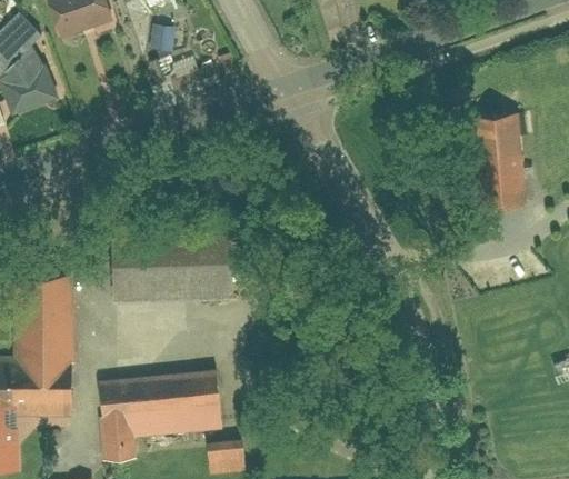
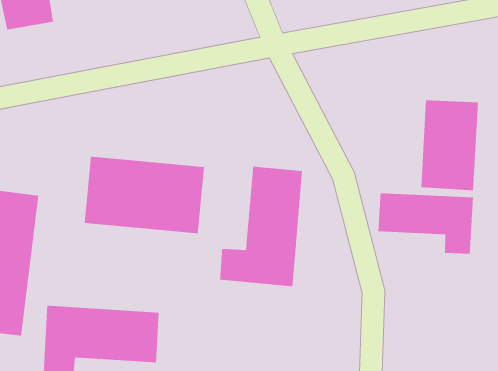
building: none -> [220,166,303,287]
building: none -> [378,192,474,254]

